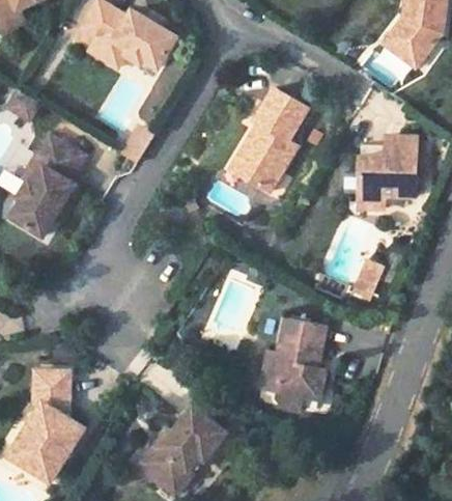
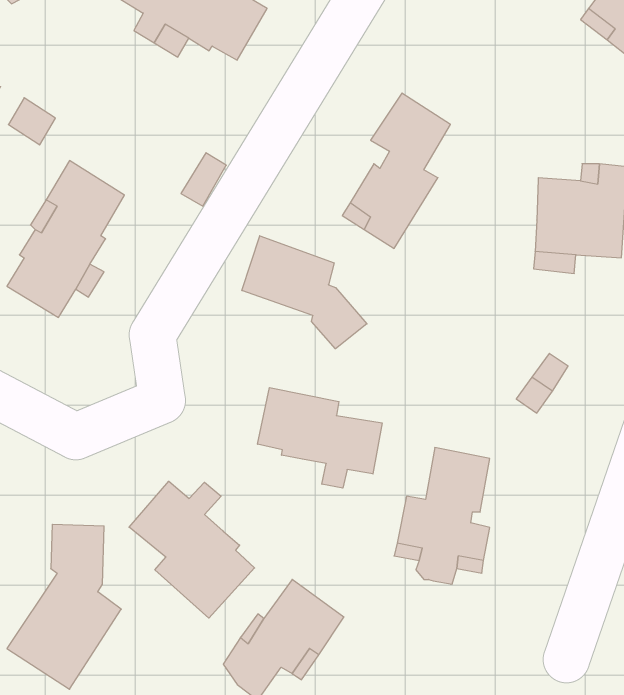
building: none -> [242,236,367,349]
building: none -> [258,388,382,488]
building: none -> [129,481,255,618]

